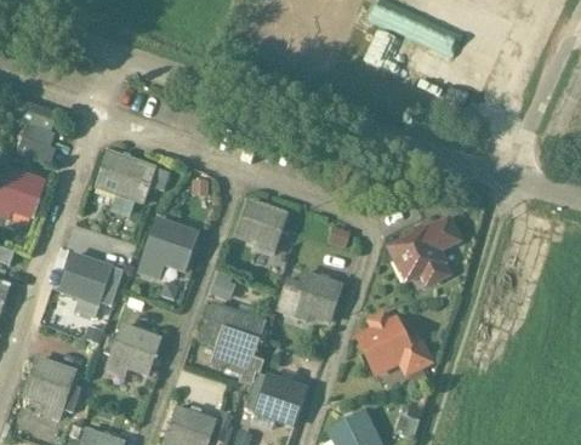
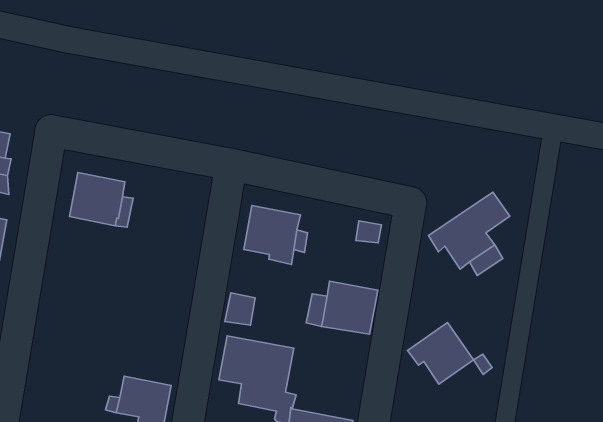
building: [139,222,195,278] -> none
building: [59,256,121,319] -> none

